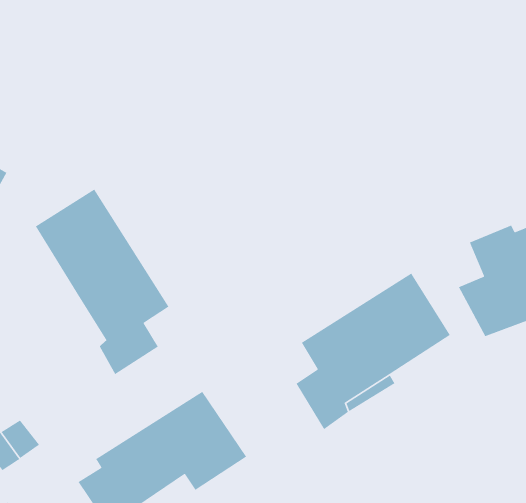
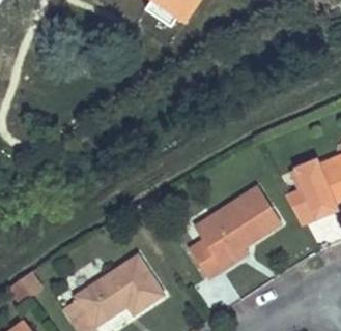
building: [35,188,169,375] -> none

